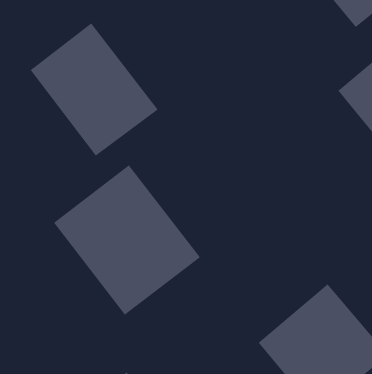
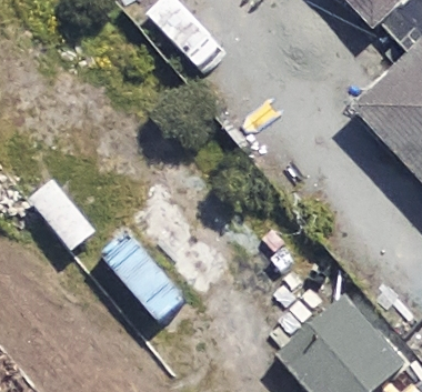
building: [30,23,158,157] -> none

